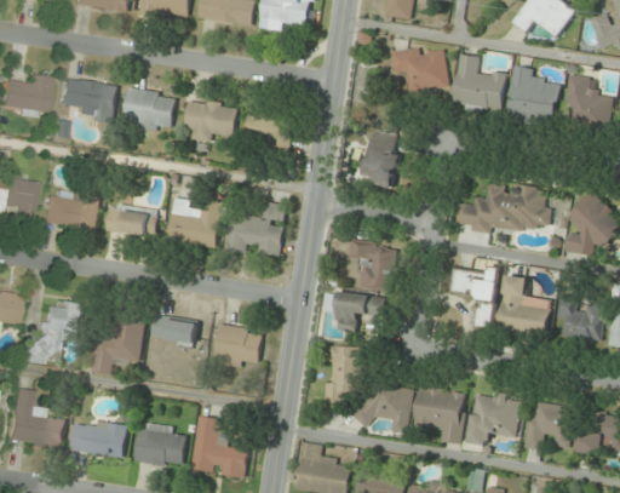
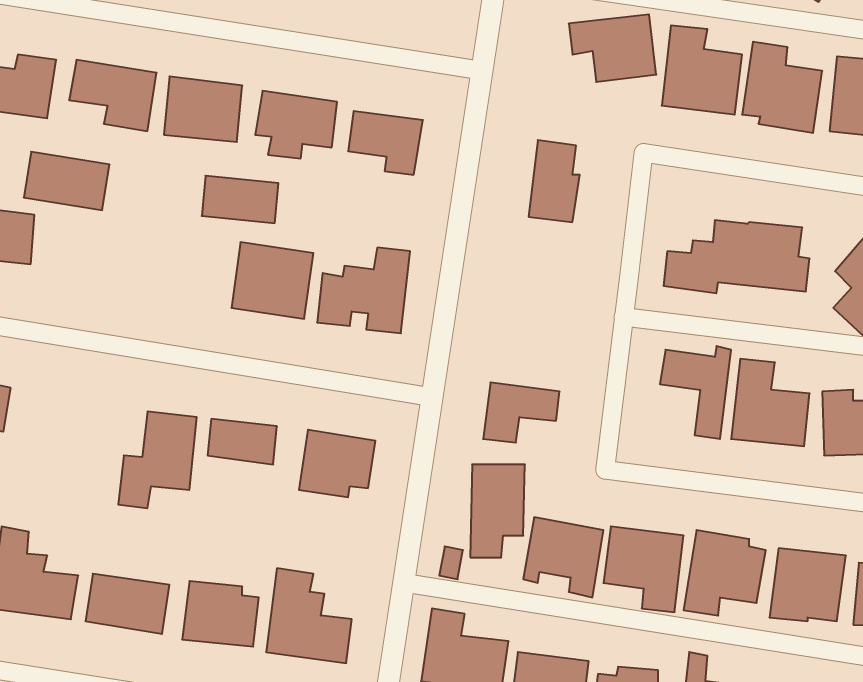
building: [42,191,99,230] -> [24,152,110,210]
building: [107,206,157,237] -> [202,176,278,223]
building: [348,242,397,293] -> none
building: [19,300,82,365] -> none

